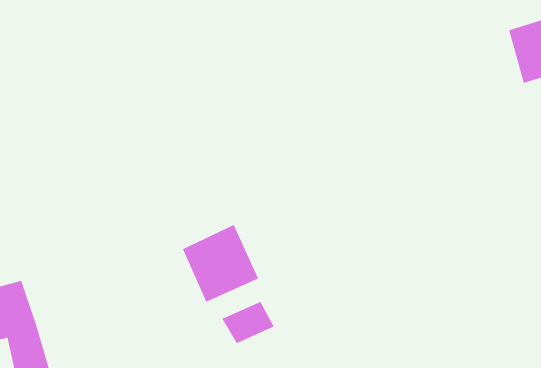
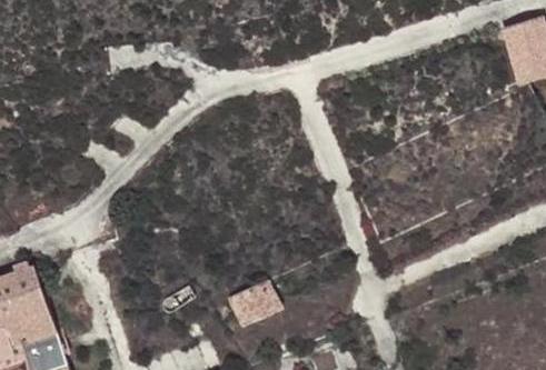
building: [182,224,259,303] -> none

